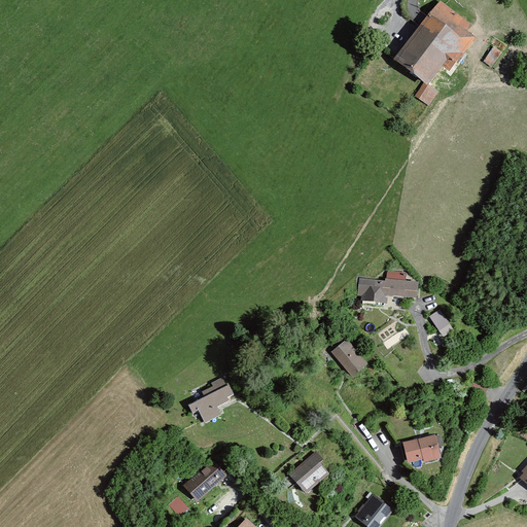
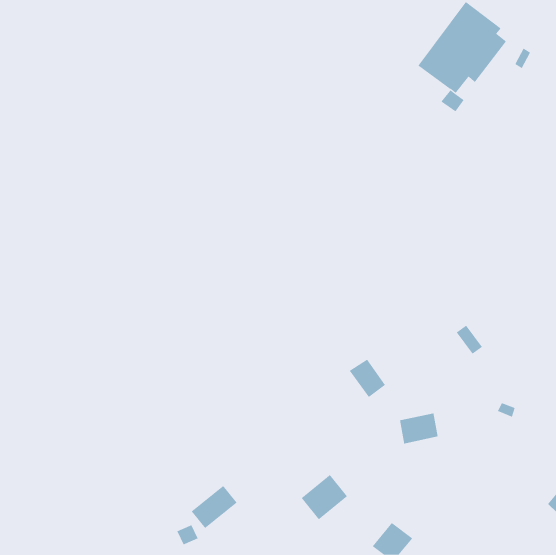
building: [357,277,416,302] -> none
building: [184,383,231,424] -> none
building: [399,433,436,463] -> [399,413,438,444]

